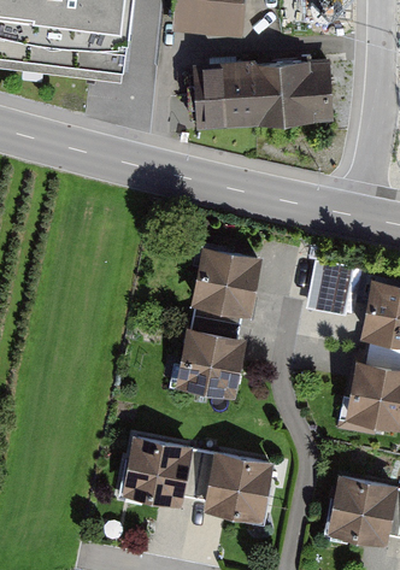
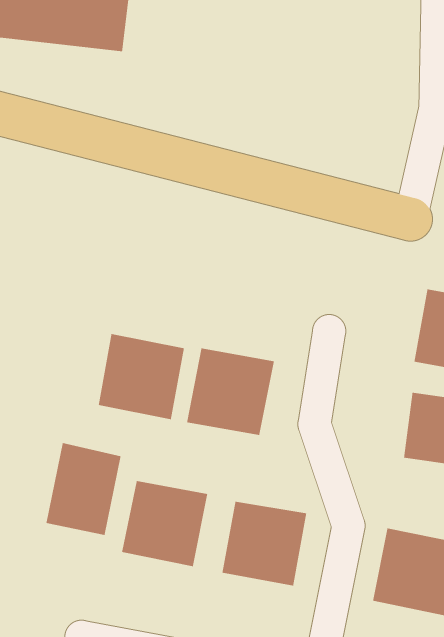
building: [204,58,333,127] -> none
building: [190,245,261,316] -> [98,333,185,420]
building: [307,264,354,318] -> none
building: none -> [45,442,121,536]

